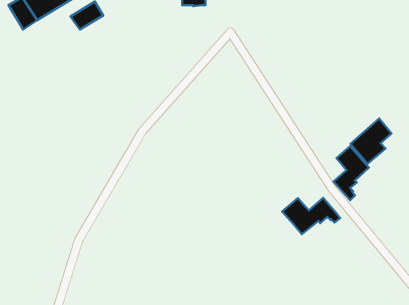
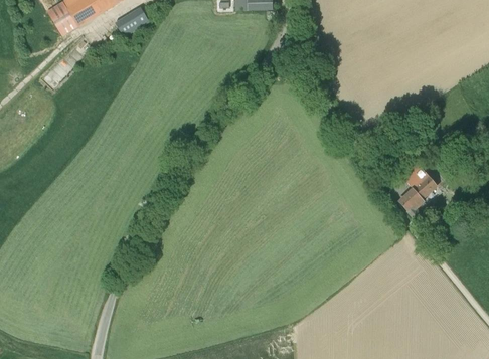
building: [350,118,391,164] -> none
building: [282,198,340,234] -> none

